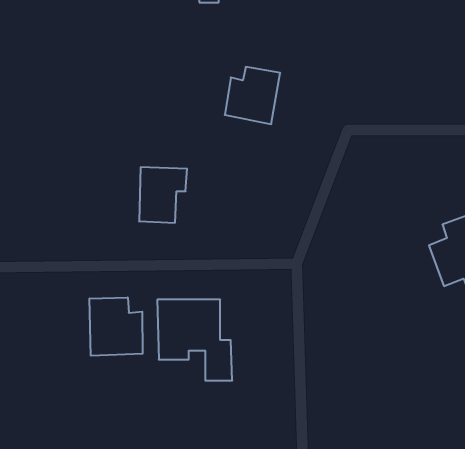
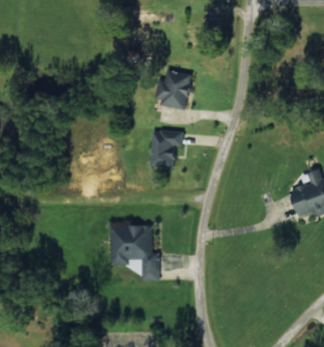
building: [139,167,187,223] -> [149,130,182,167]
building: [90,297,143,356] -> none

